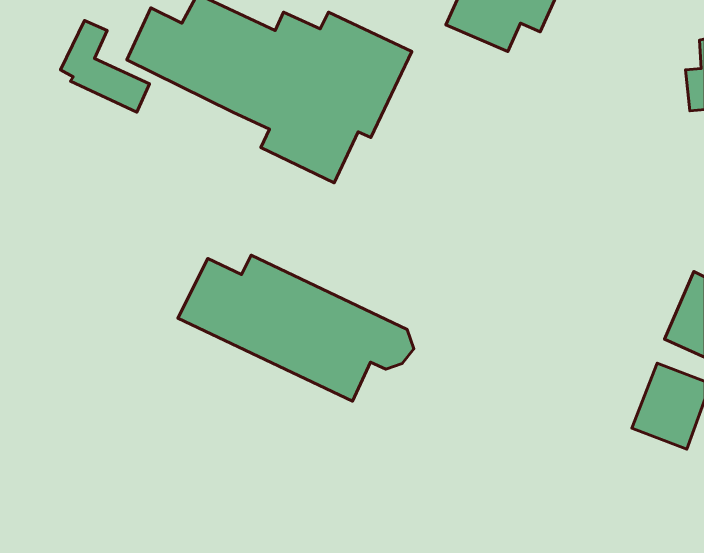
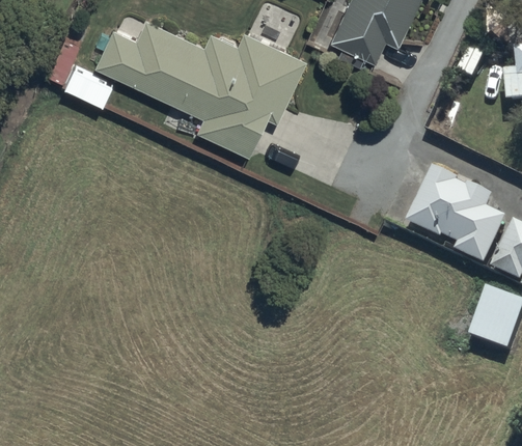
building: none -> [407,170,506,269]
building: [178,255,414,401] -> none

